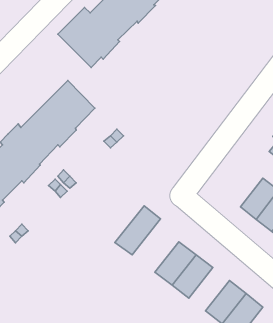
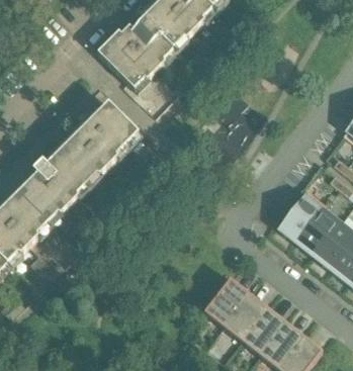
building: none -> [279,194,322,240]
building: [115,206,160,255] -> none
building: none -> [241,306,285,354]

